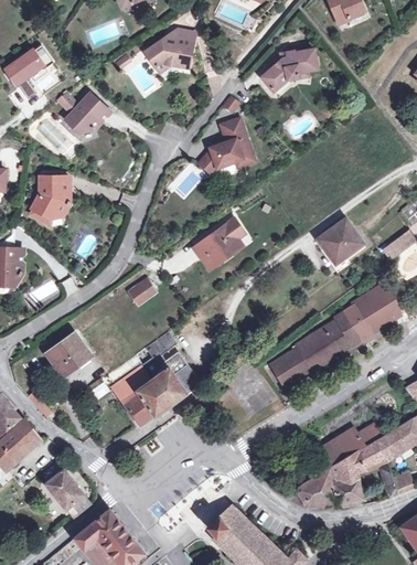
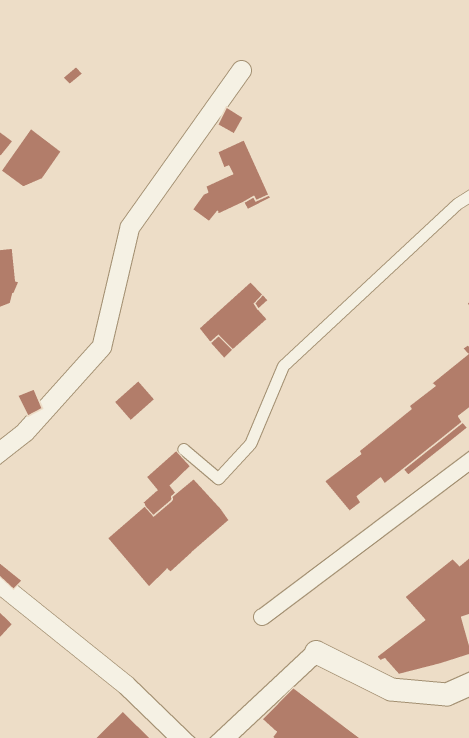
building: [146,29,195,70] -> none
building: [260,47,317,89] -> none
building: [317,217,363,263] -> none
building: [46,332,89,374] -> none
building: [46,469,92,518] -> none

